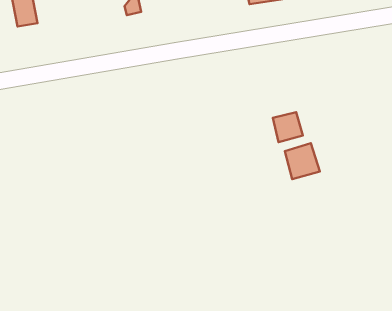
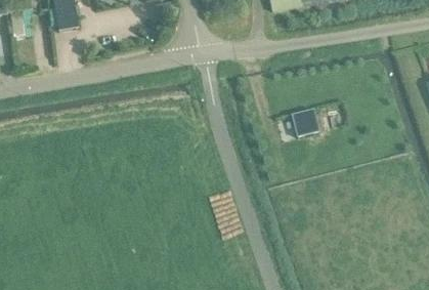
building: [285,143,320,179] -> none

